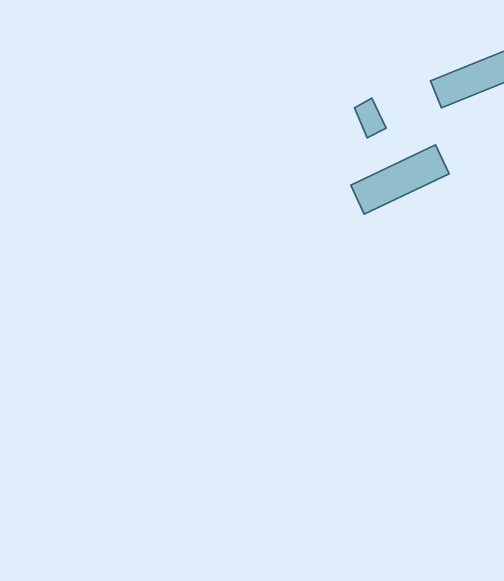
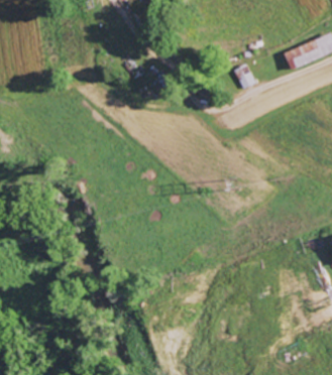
building: [351,145,449,214] -> none

